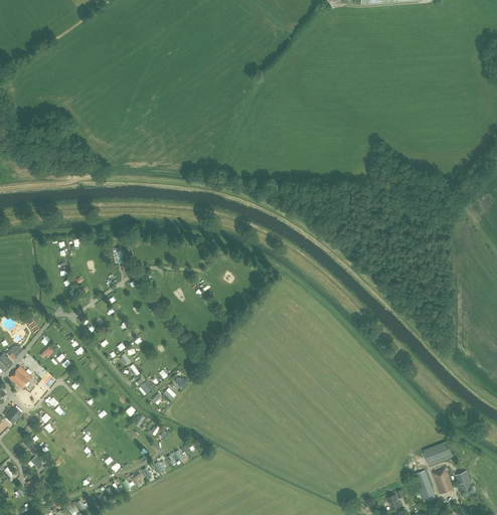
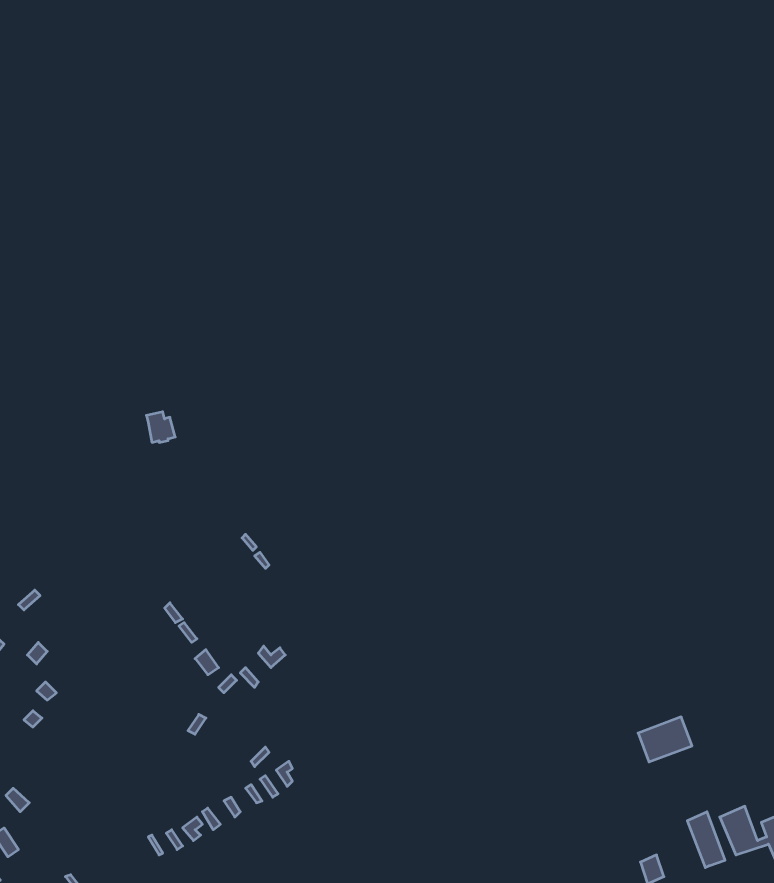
building: [422,441,452,466] -> [638,717,692,762]

